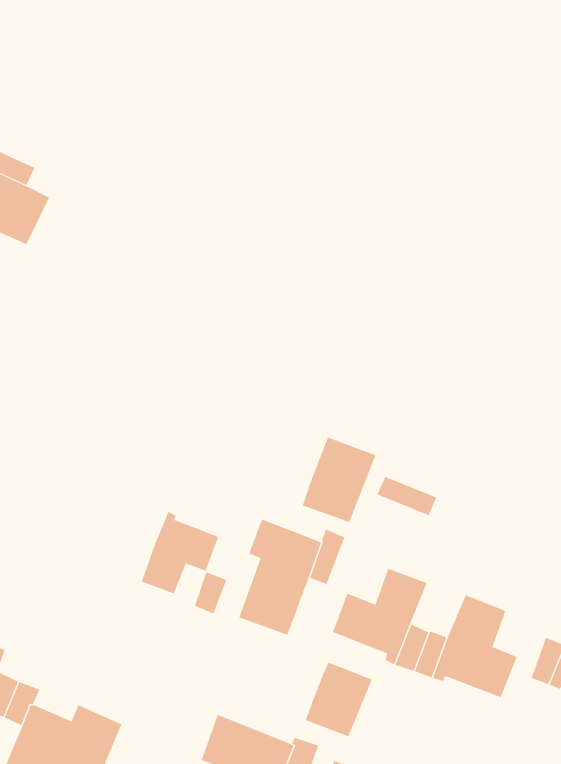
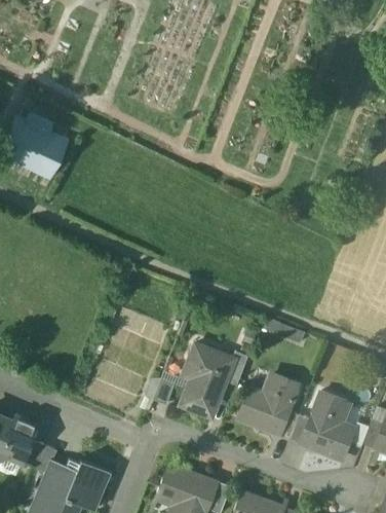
building: [302,437,376,523] -> none
building: [141,511,219,594] -> none
building: [305,662,373,737] -> none

